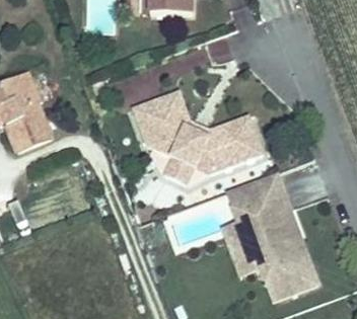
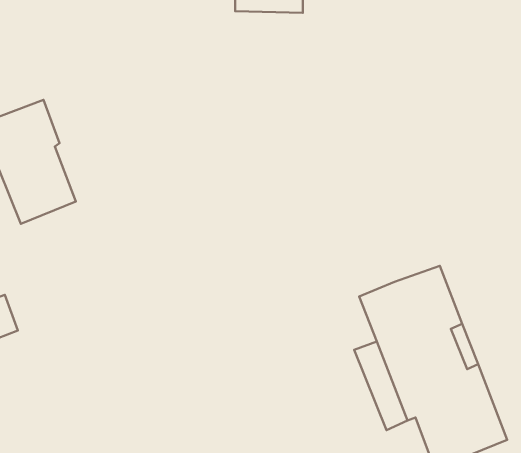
building: [133,95,265,176] -> none

